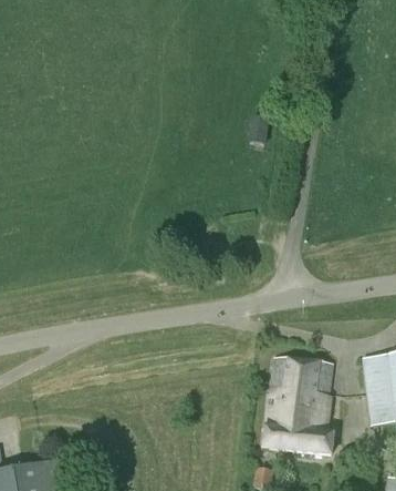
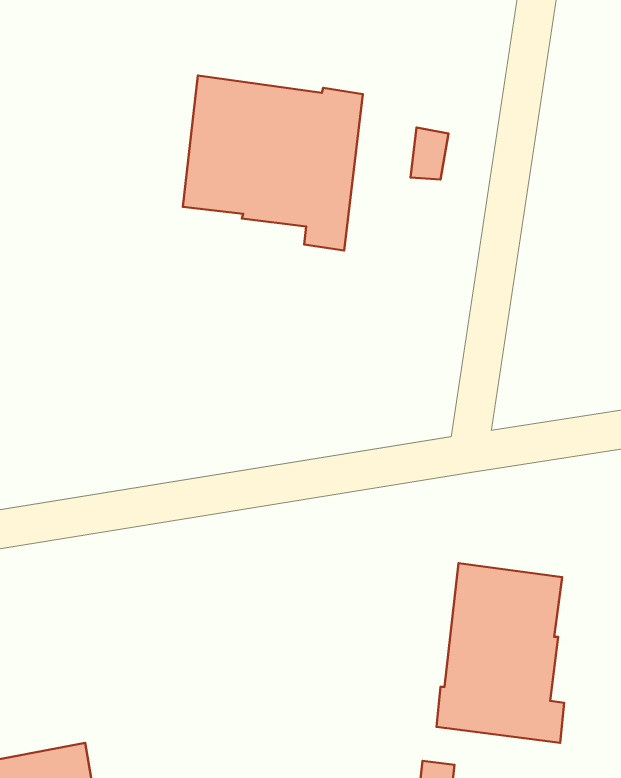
building: none -> [183,75,363,251]

